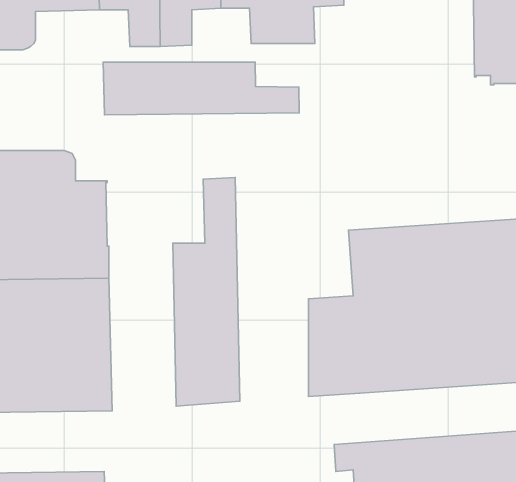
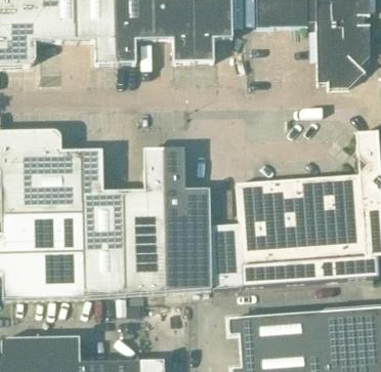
building: [103,62,299,115] -> none
building: none -> [163,148,210,291]
building: none -> [80,150,125,297]

